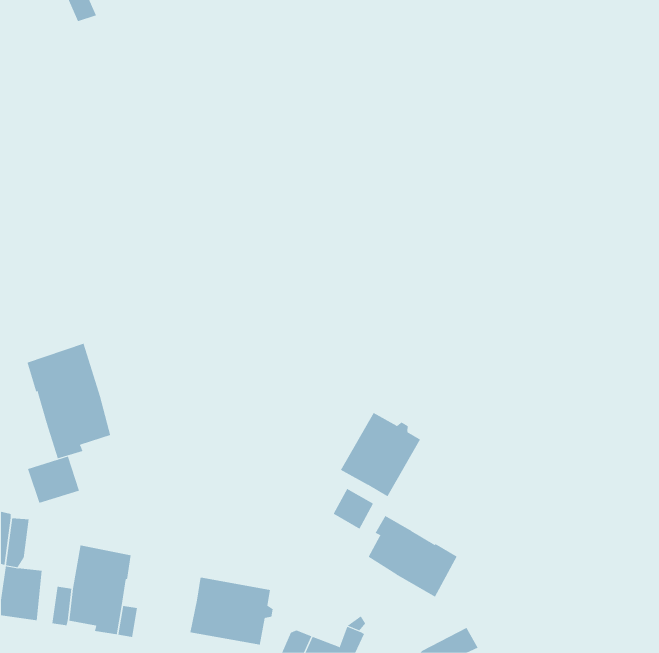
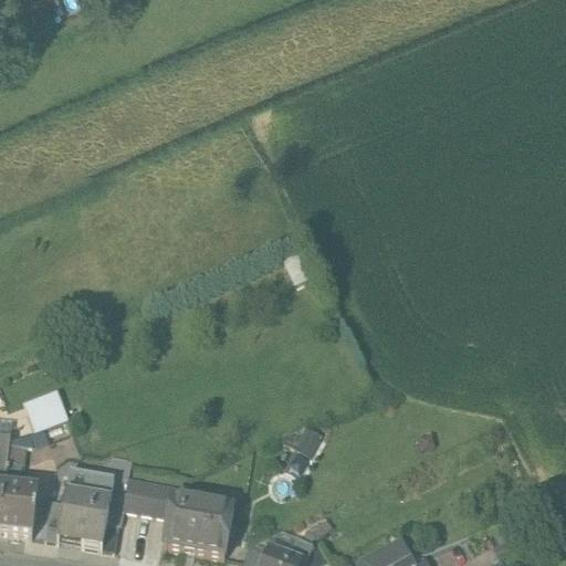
building: [27,343,111,459] -> none
building: [340,412,421,497] -> none
building: [368,515,457,597] -> none
building: none -> [122,478,175,515]

